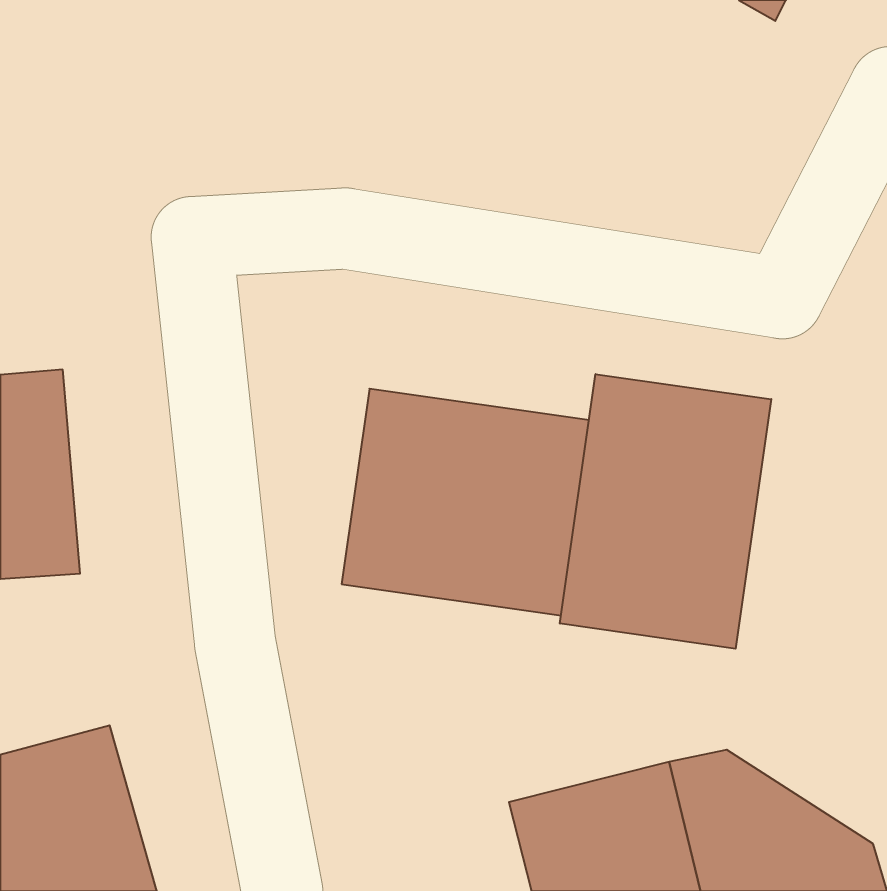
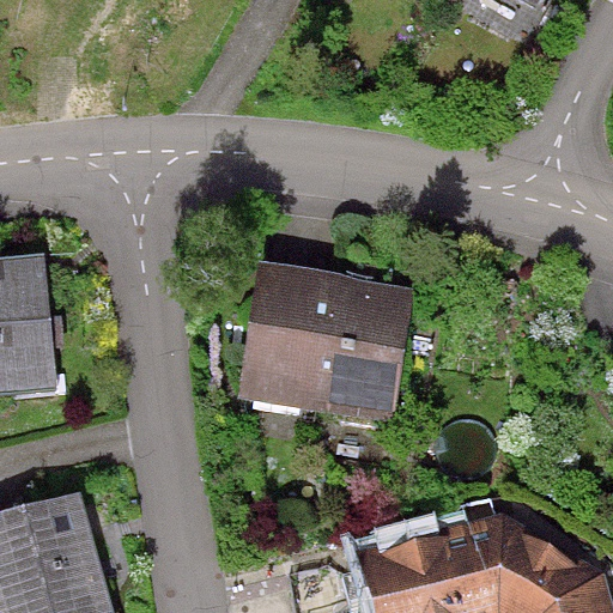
building: [560,374,771,649] -> none

